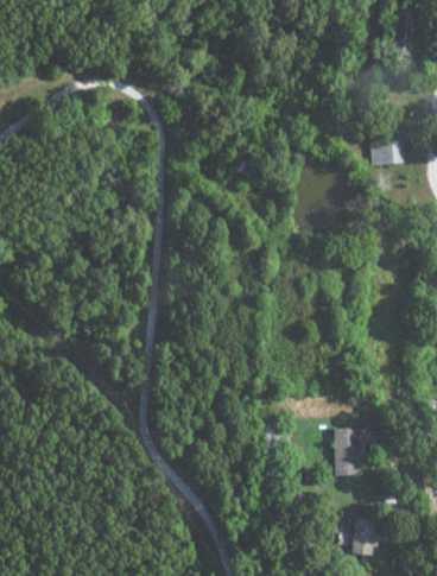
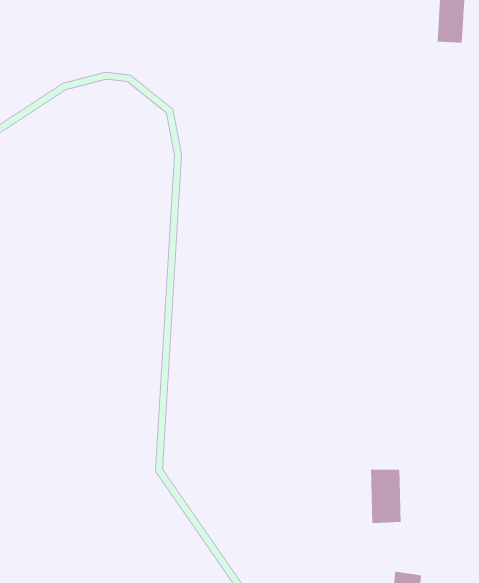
building: [374,140,407,165] -> none

